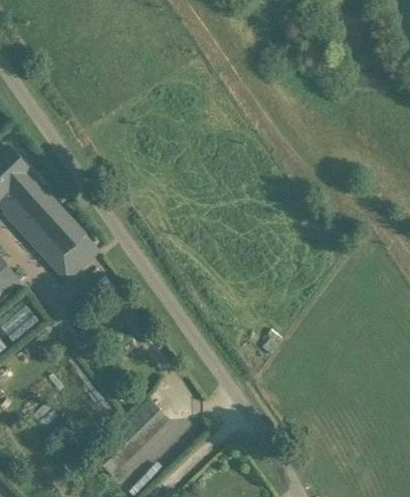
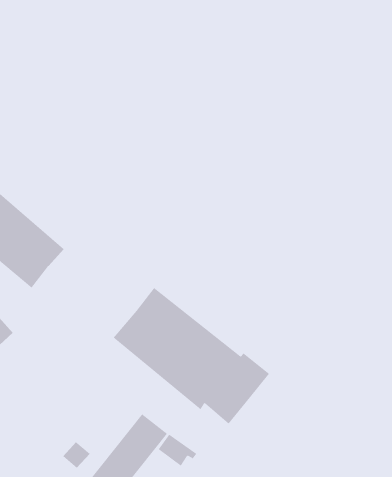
building: none -> [113,287,270,424]

